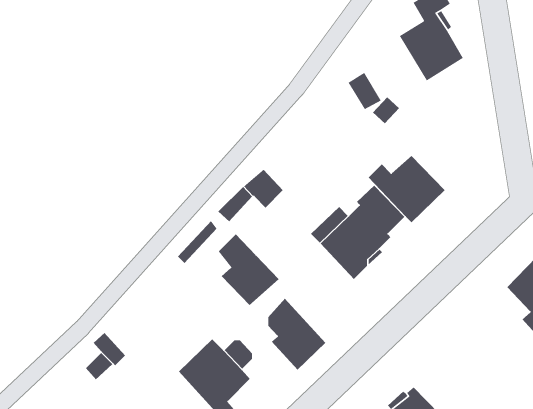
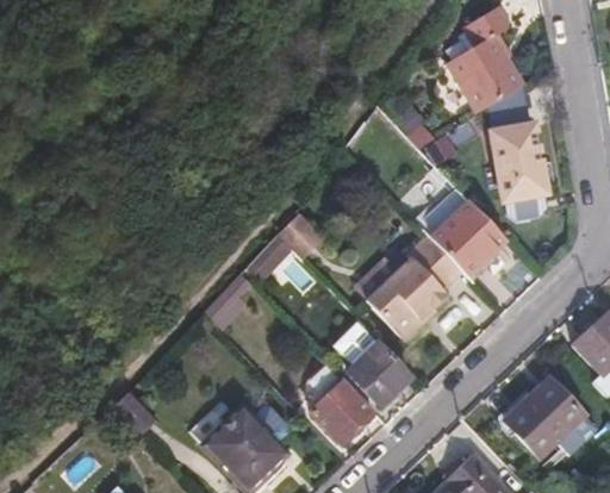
building: none -> [493,131,556,217]
building: [218,233,280,306] -> [343,320,412,401]
building: none -> [502,380,580,457]

